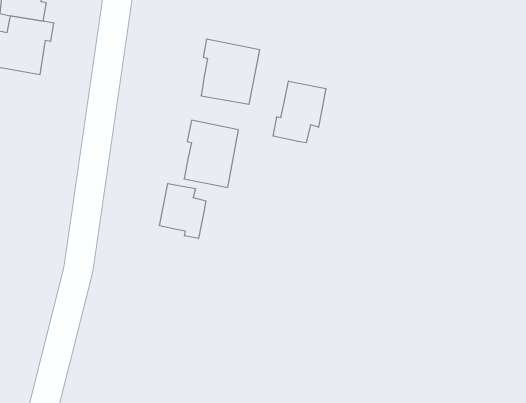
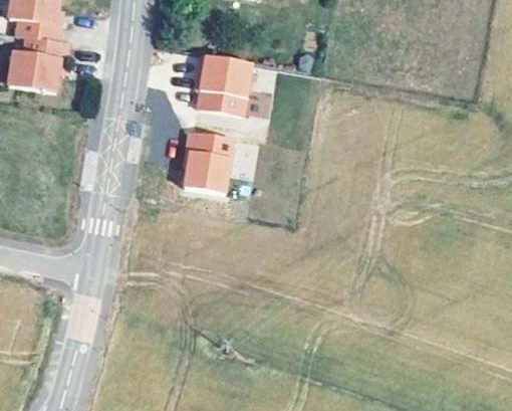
building: [273,81,326,143] -> none
building: [160,183,206,239] -> none

